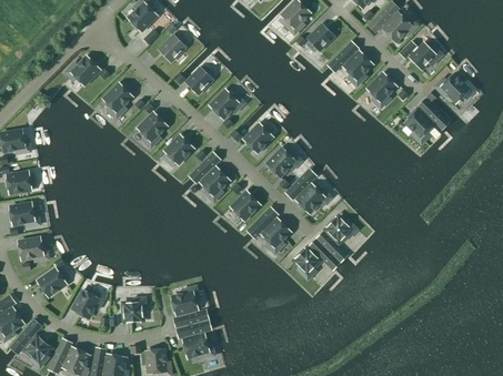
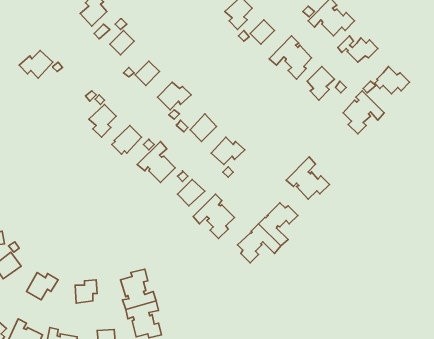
building: [103,83,132,119] -> none
building: [285,169,331,213] -> [286,157,329,199]

